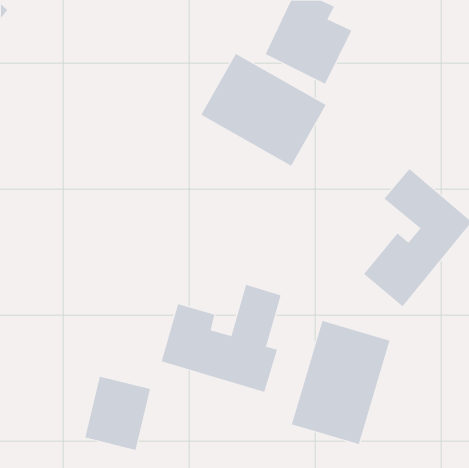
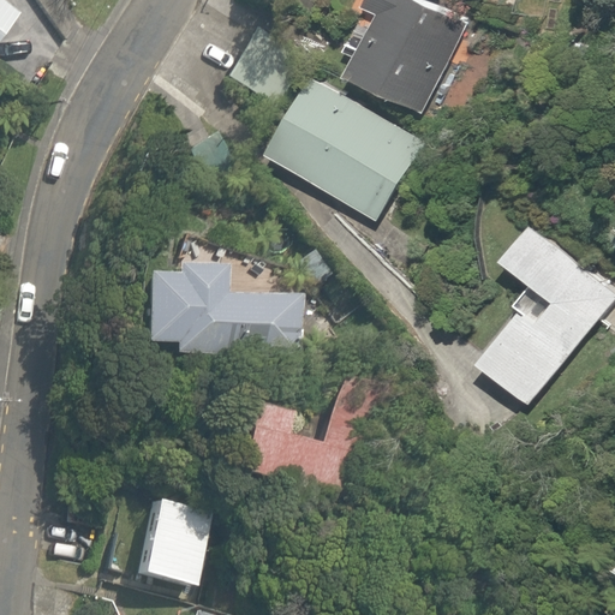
building: none -> [132,261,291,363]
building: [291,320,390,445] -> none

